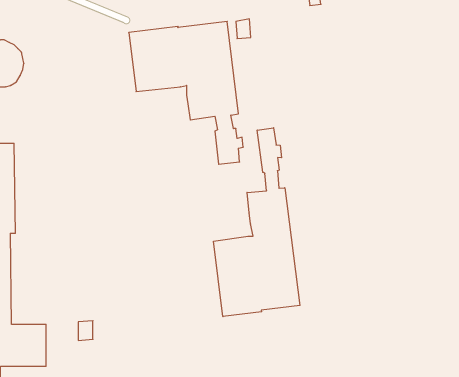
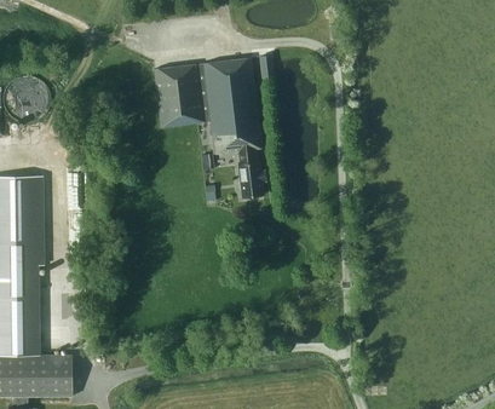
building: [214,128,300,317] -> none

